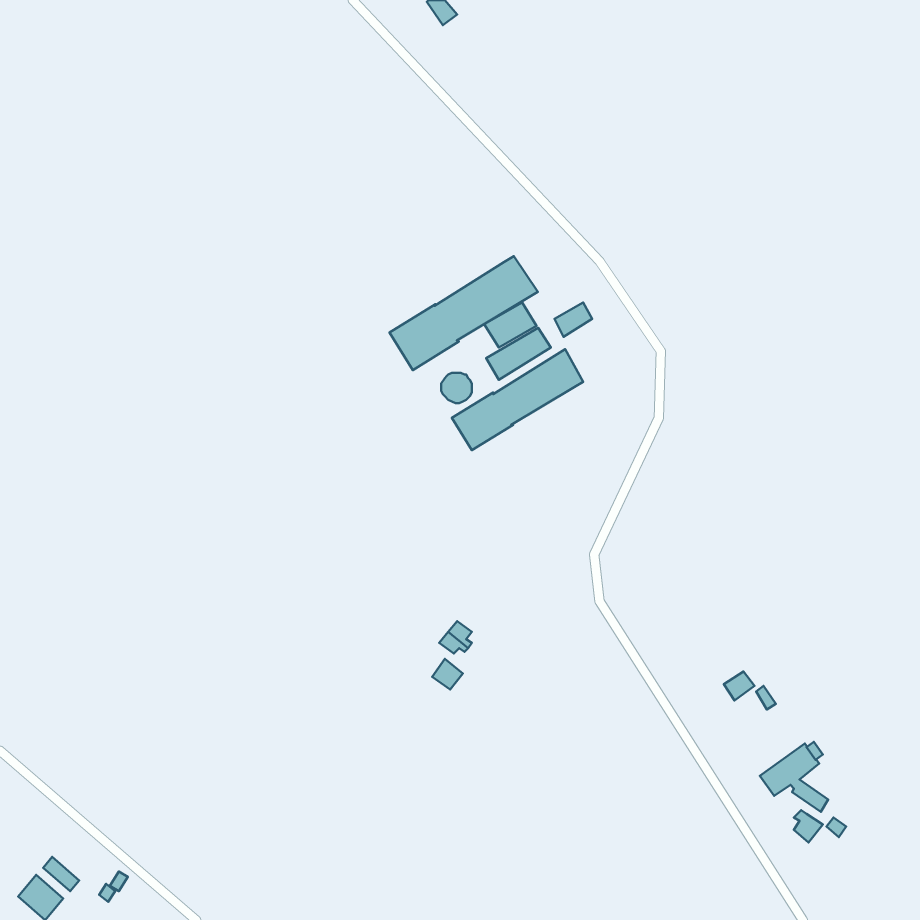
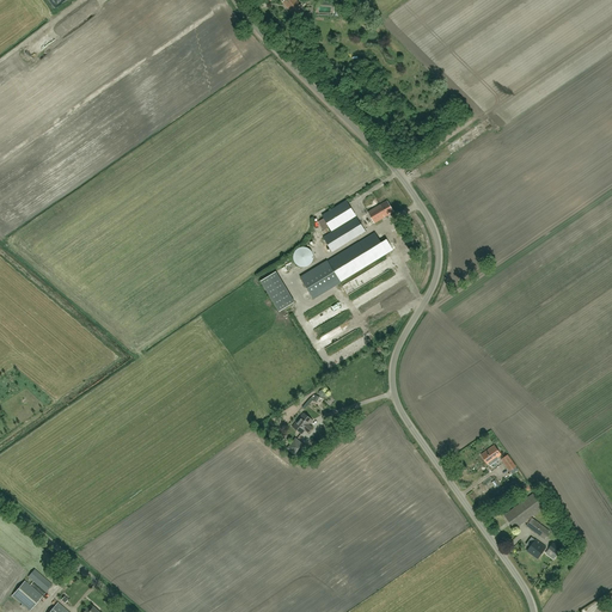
building: [390,256,538,370] -> none
building: none -> [263,271,295,312]

